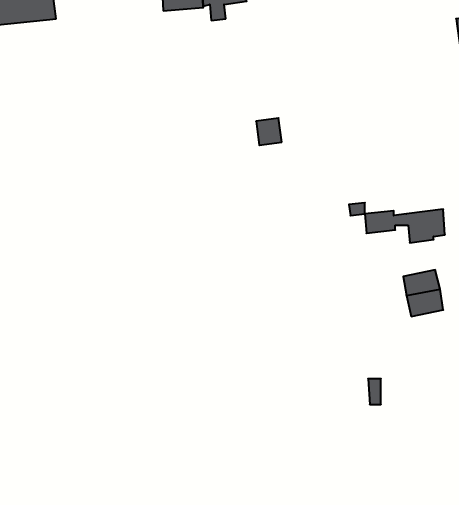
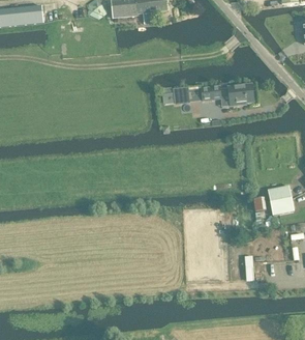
building: [365,209,445,243] -> [202,84,253,106]

